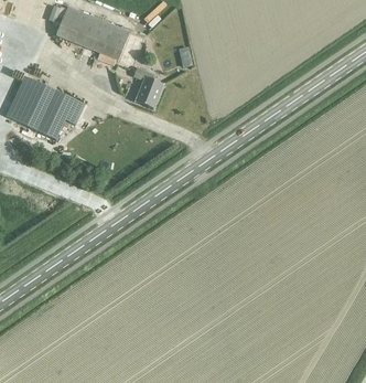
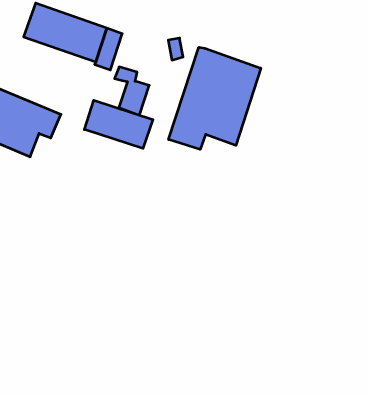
building: none -> [169,47,261,149]
building: none -> [84,100,153,148]

